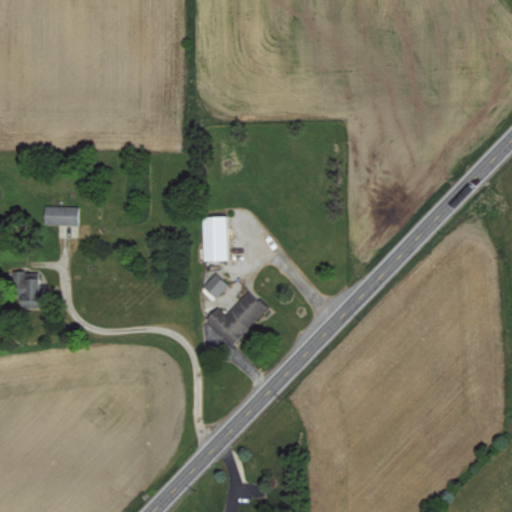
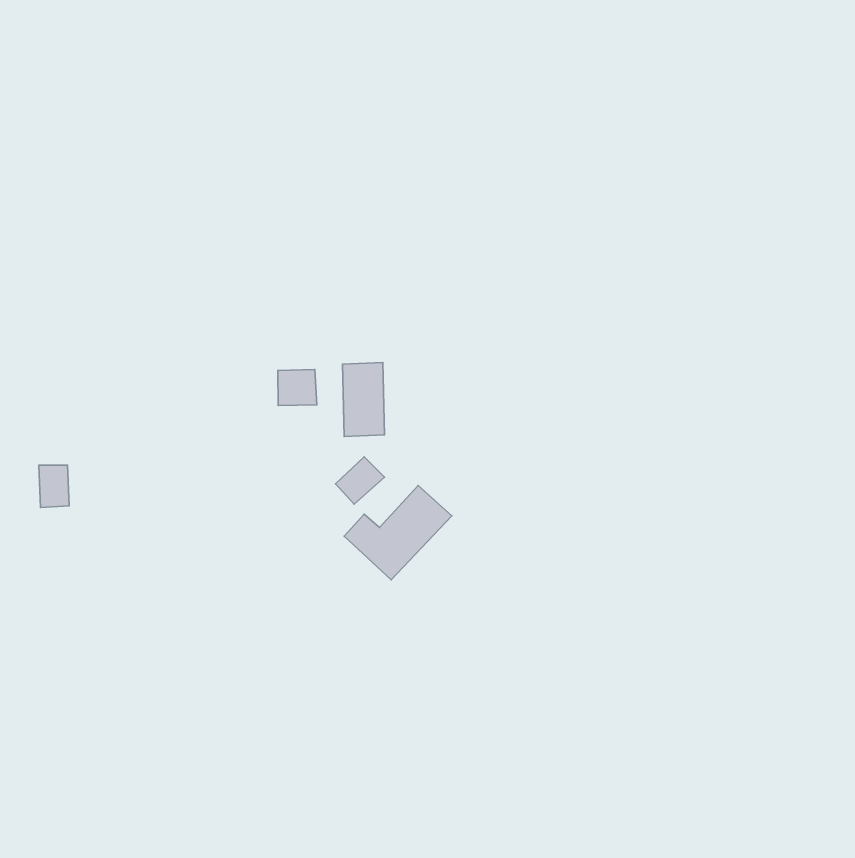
building: [42,206,78,226] -> none
building: none -> [278,370,317,406]

